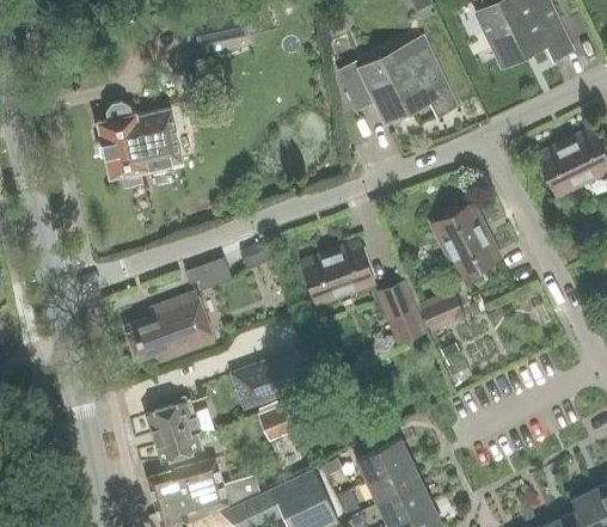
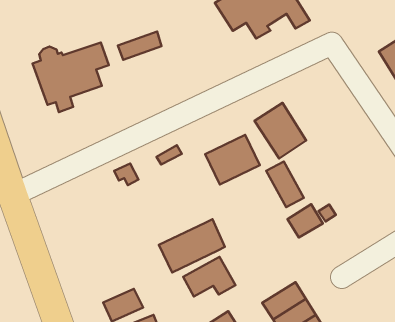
building: none -> [118,31,161,60]
building: [435,207,498,277] -> [254,103,306,159]
building: [427,289,471,330] -> [288,204,323,238]
building: [125,292,215,363] -> none
building: [147,397,197,437] -> none

